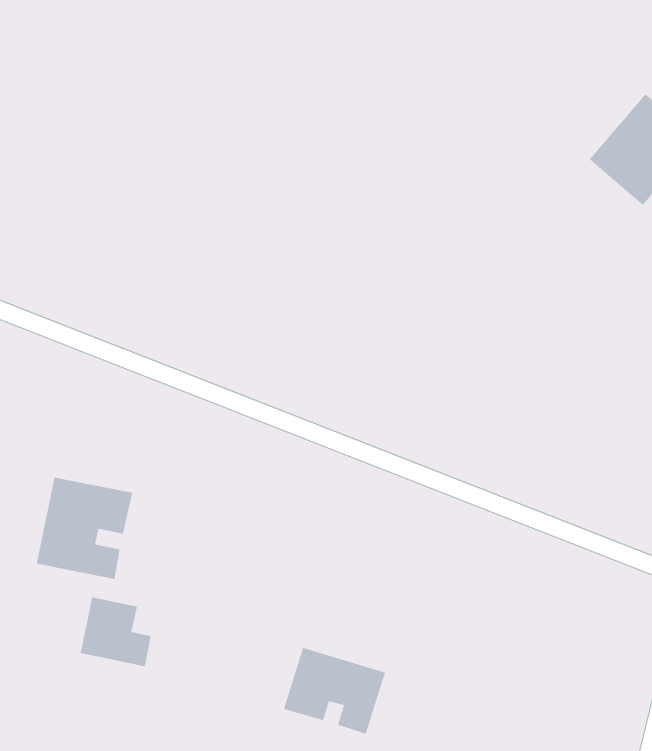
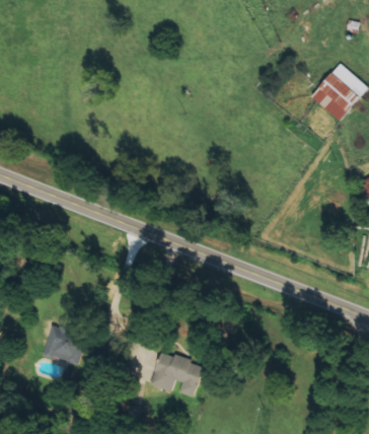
building: [36,477,133,580] -> none

